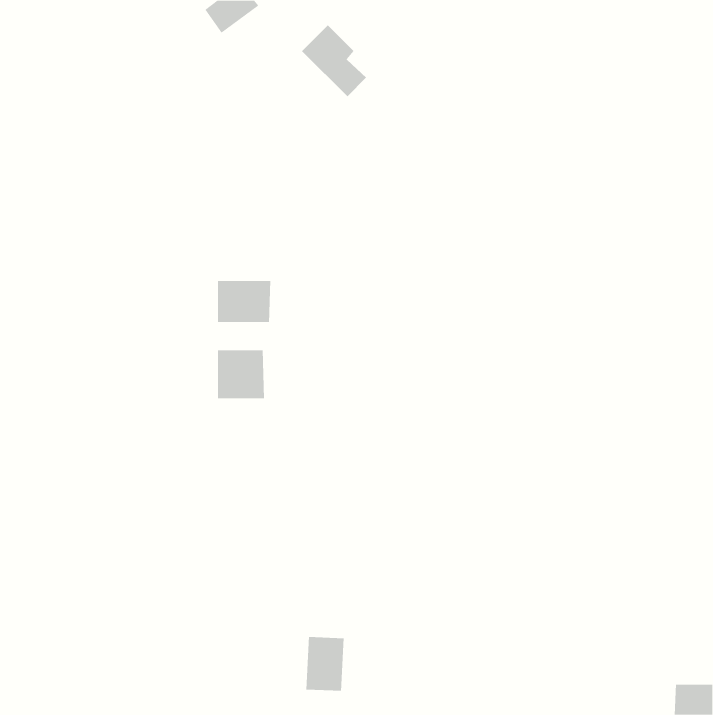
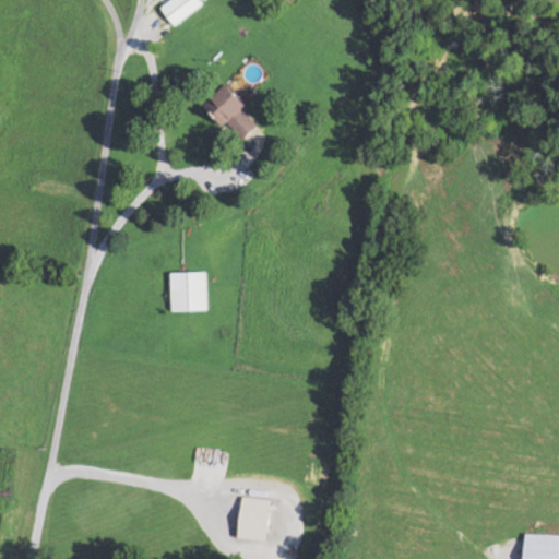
building: [301,24,367,97] -> [207,84,259,141]
building: [218,280,271,323] -> none

